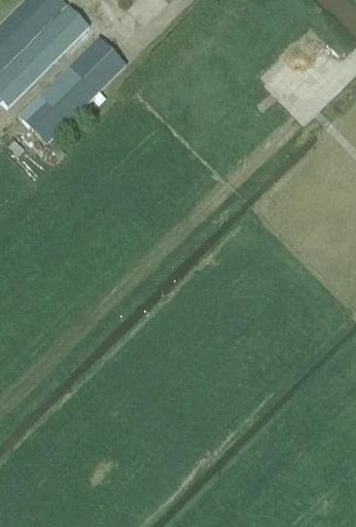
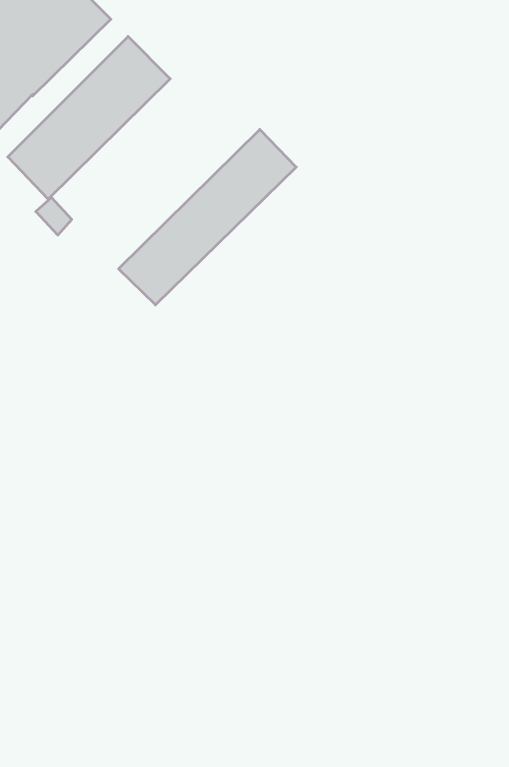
building: none -> [119,129,296,305]

